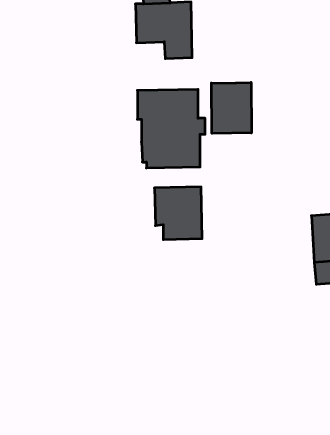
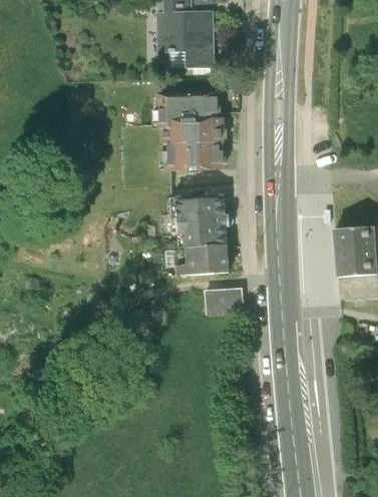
building: [211,82,251,133] -> none
building: none -> [176,245,227,275]
building: none -> [204,288,243,313]

